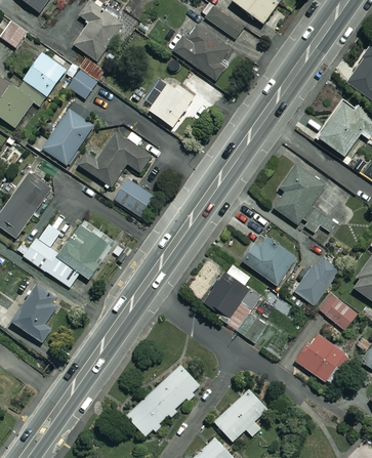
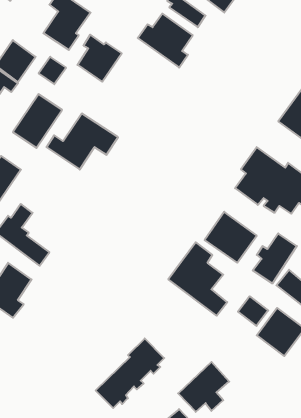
building: [148,77,194,126] -> [77,35,122,82]
building: [114,179,154,216] -> none
building: [57,218,116,279] -> none
building: none -> [238,296,268,326]

